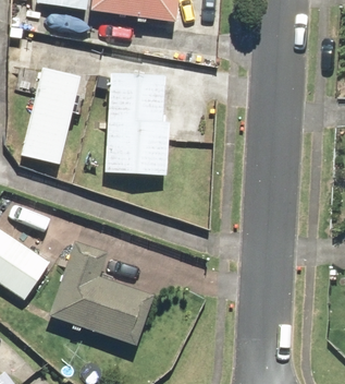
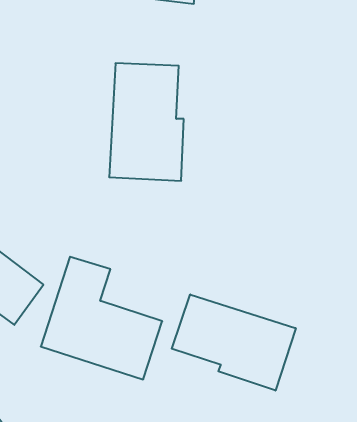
building: [19,68,78,164] -> none
building: none -> [172,294,296,391]

